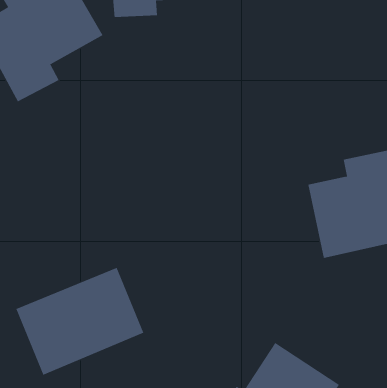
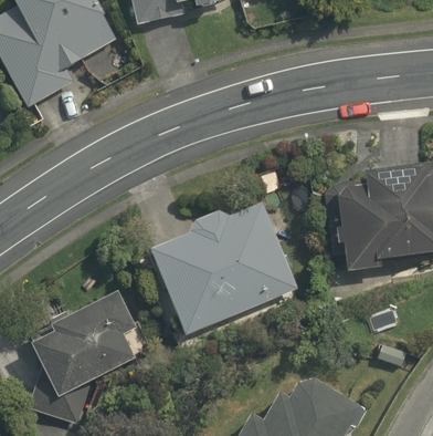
building: none -> [151,200,295,333]

